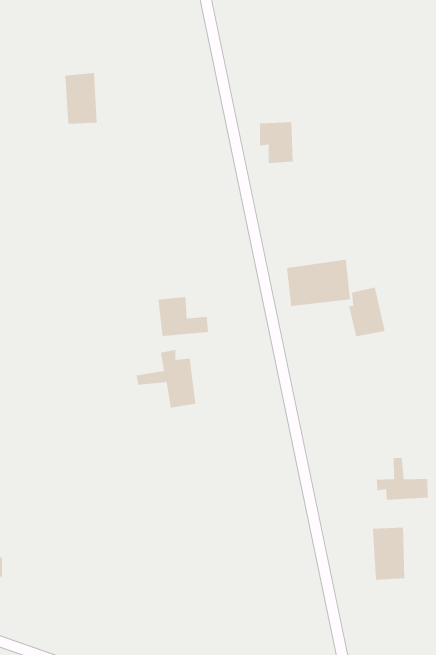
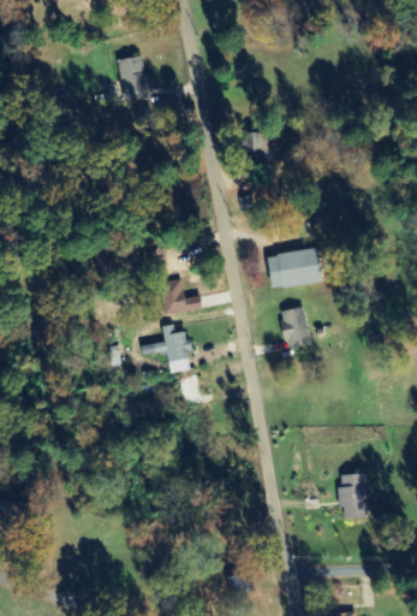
building: [65,73,98,124] -> [120,55,148,99]
building: [348,287,386,337] -> [280,306,311,348]
building: [377,457,428,501] -> none

